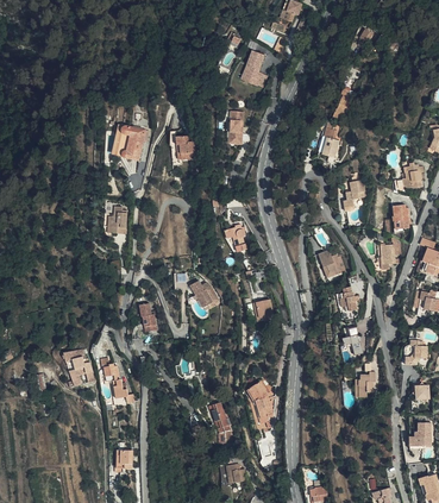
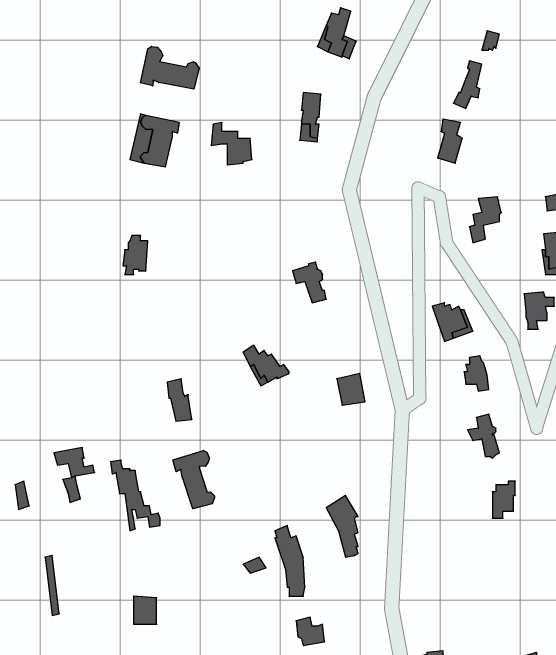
building: none -> [141,46,199,89]
building: none -> [173,450,215,509]

